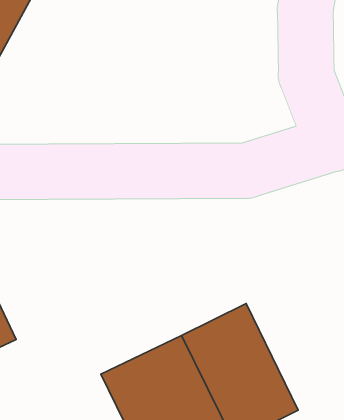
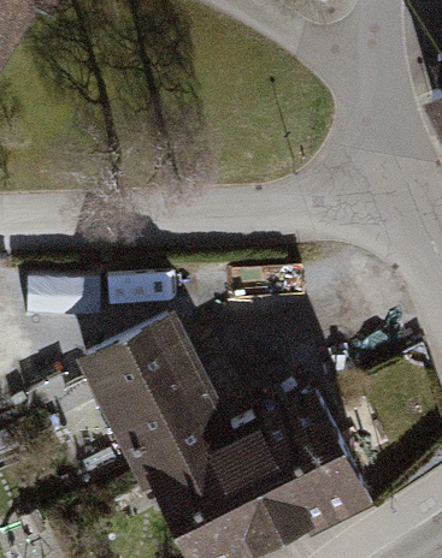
building: none -> [81,305,232,461]

